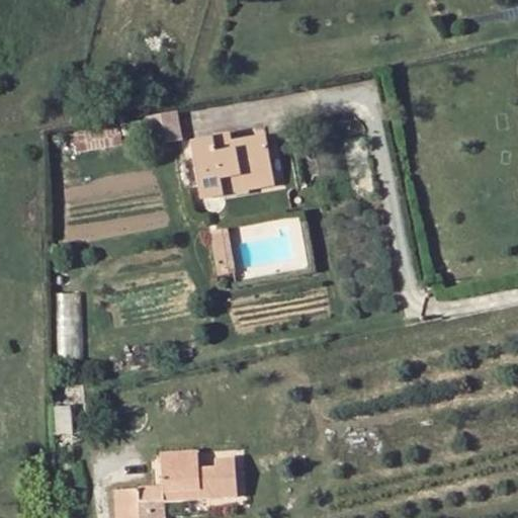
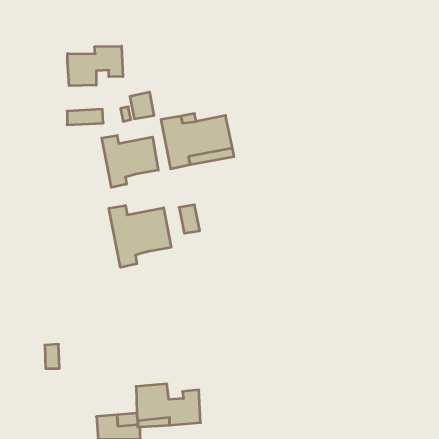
building: none -> [68,46,123,86]
building: none -> [102,135,158,187]
building: none -> [109,205,171,267]

